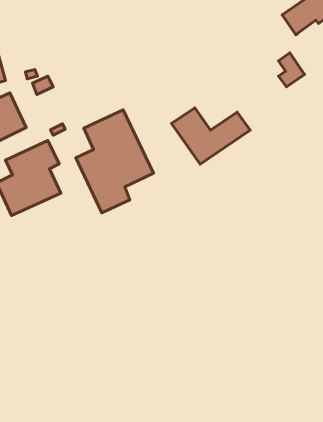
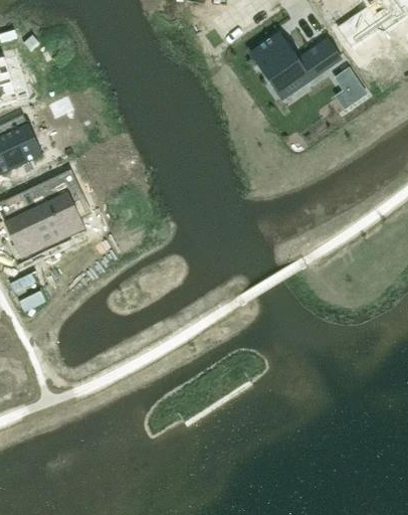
building: [172,108,250,164] -> [250,33,342,99]
building: [76,110,154,213] -> none

